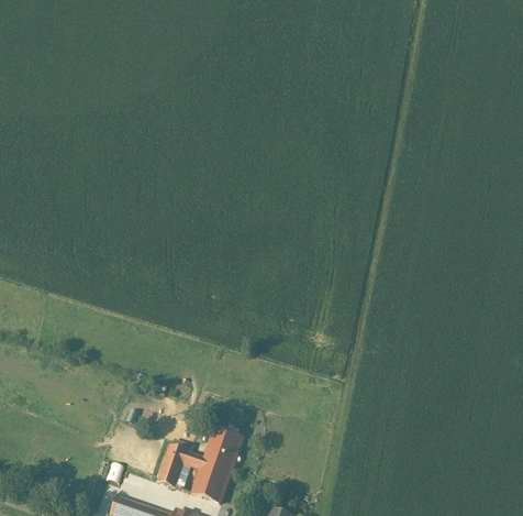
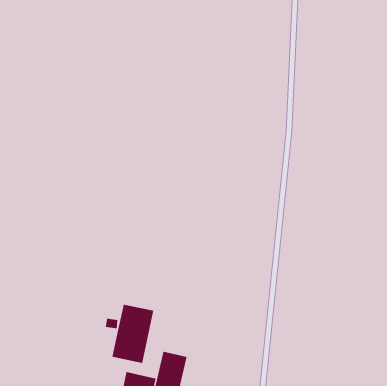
building: none -> [112,304,154,364]

